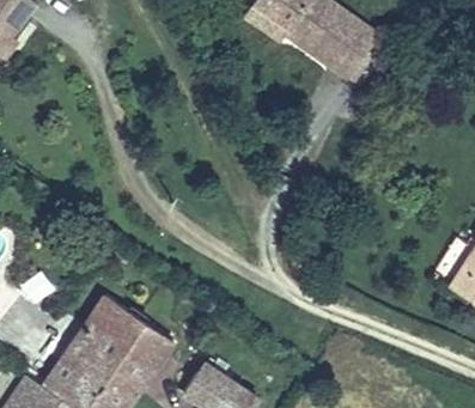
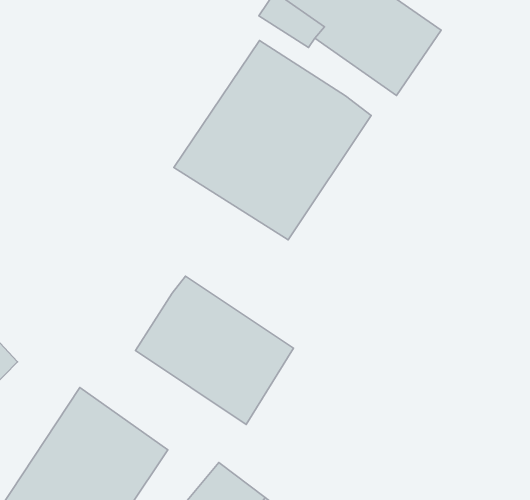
building: none -> [174,40,371,240]
building: none -> [135,276,294,424]

